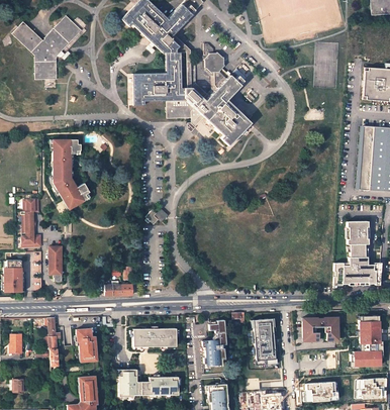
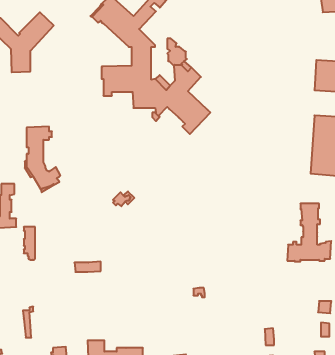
building: [302,317,338,341] -> none
building: [252,318,277,366] -> none
building: [202,319,226,367] -> none
building: [74,328,95,362] -> none
building: [133,328,176,345] -> none

